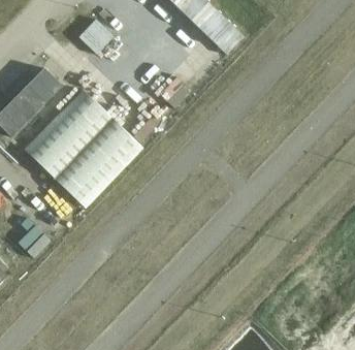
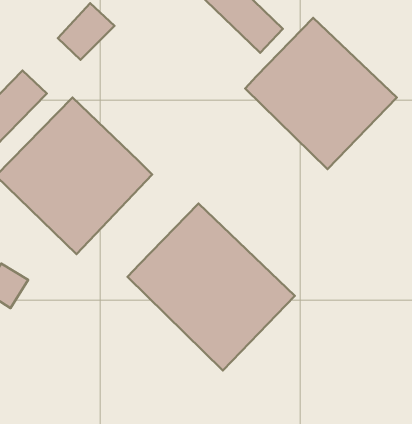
building: none -> [245,18,397,169]
building: none -> [127,204,295,370]

